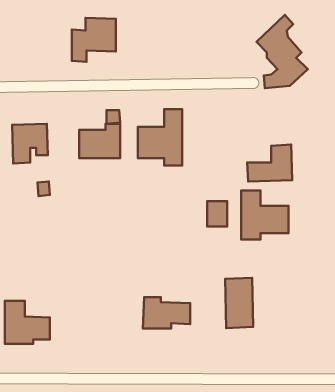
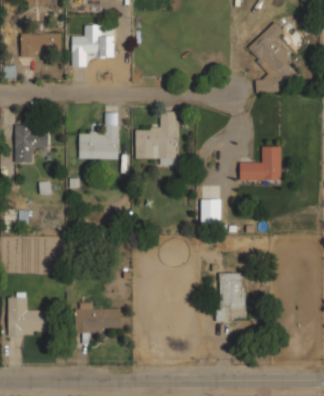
building: none -> [21,34,62,58]
building: [241,190,289,240] -> none
building: [143,297,190,328] -> [76,303,121,333]

